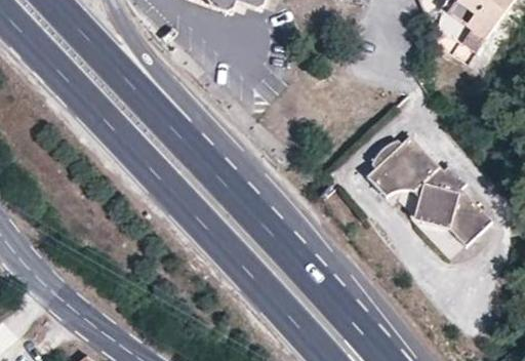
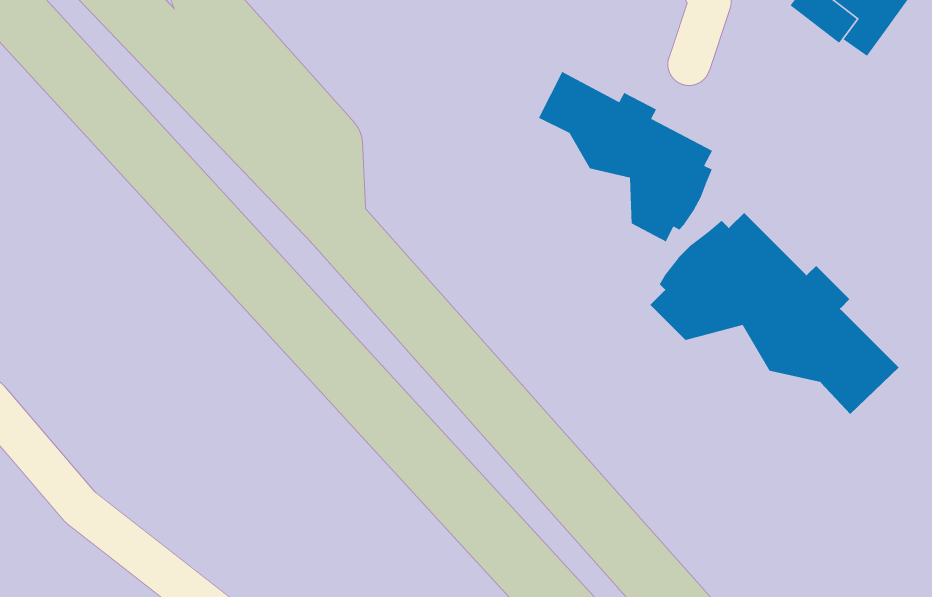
building: none -> [538,71,713,242]

